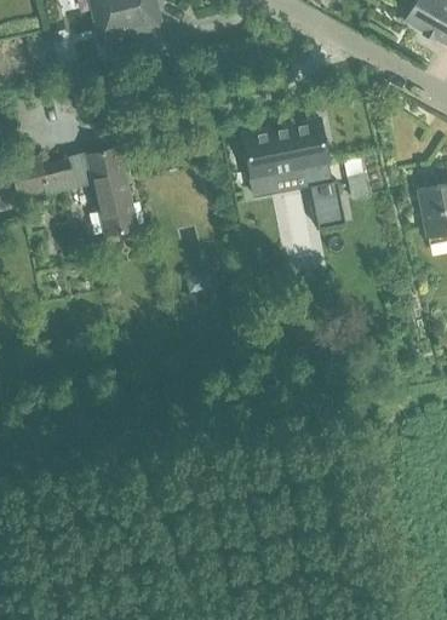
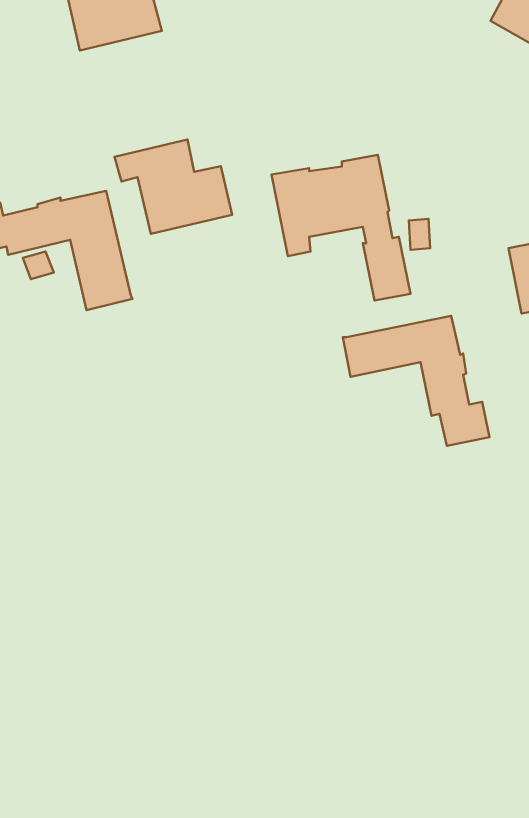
building: none -> [115,140,232,234]
building: none -> [343,316,489,446]

